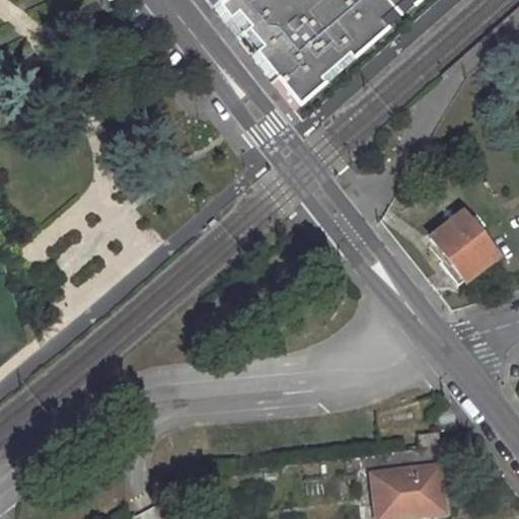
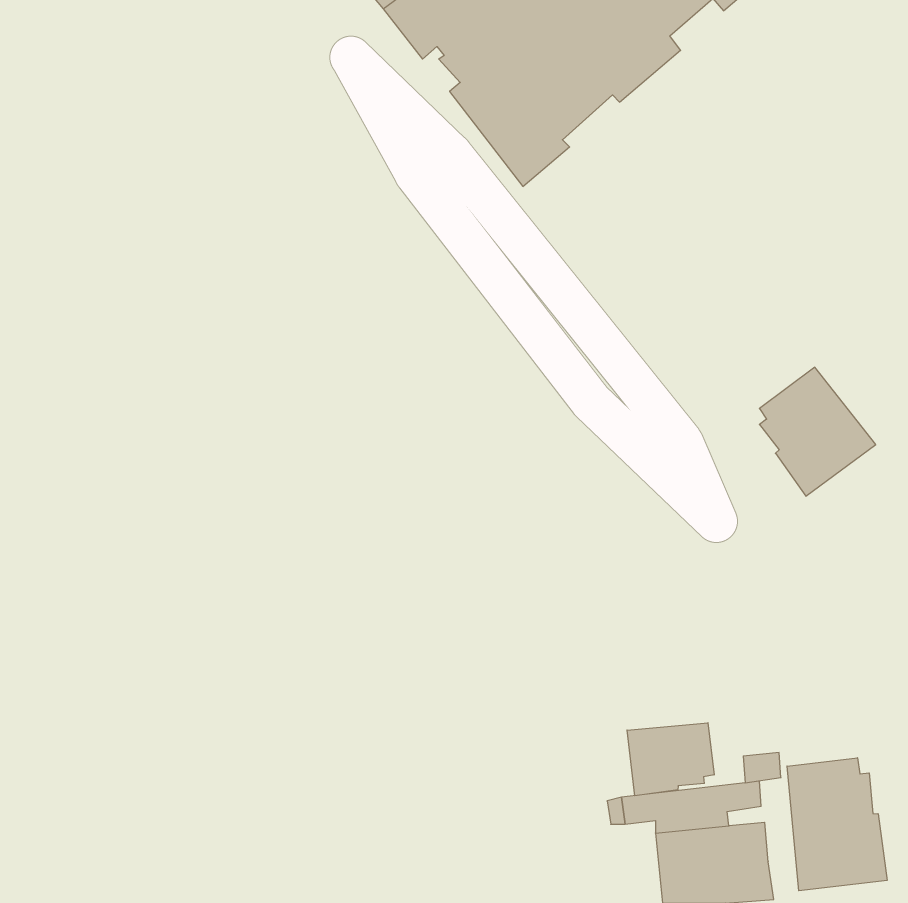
building: none -> [627,723,714,796]
building: none -> [787,758,887,891]

